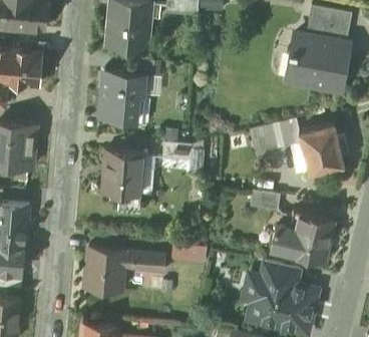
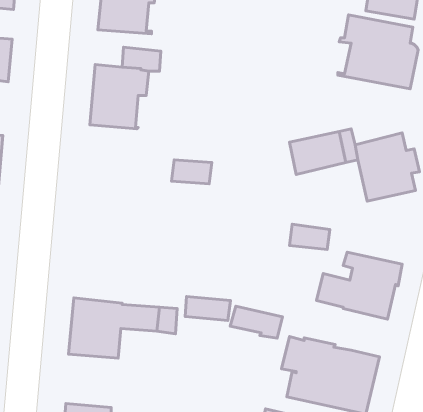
building: [102,149,154,212] -> none
building: [262,261,301,285] -> [230,306,283,338]

